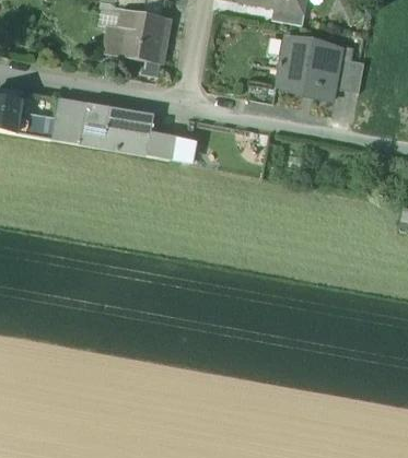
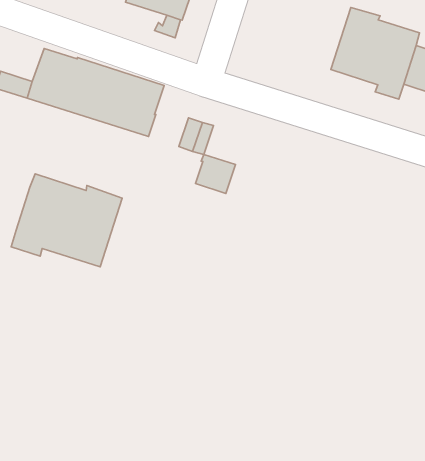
building: [147,131,175,158] -> [195,154,235,194]
building: none -> [11,174,122,267]

